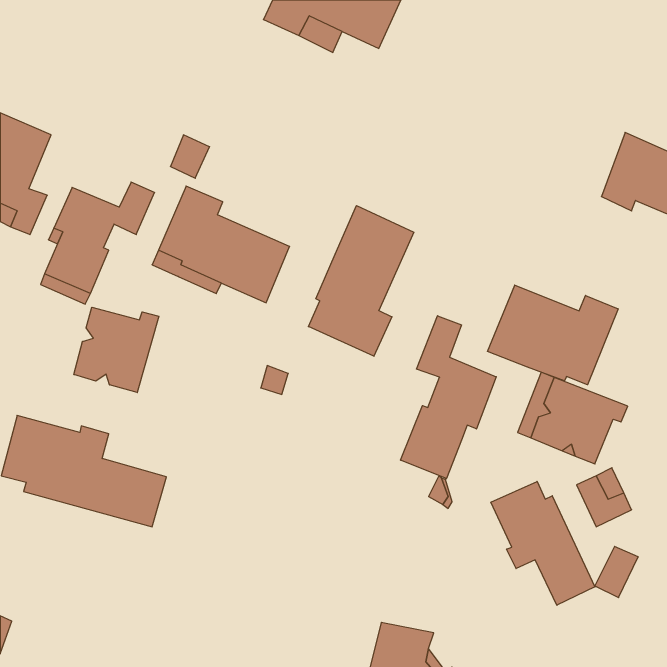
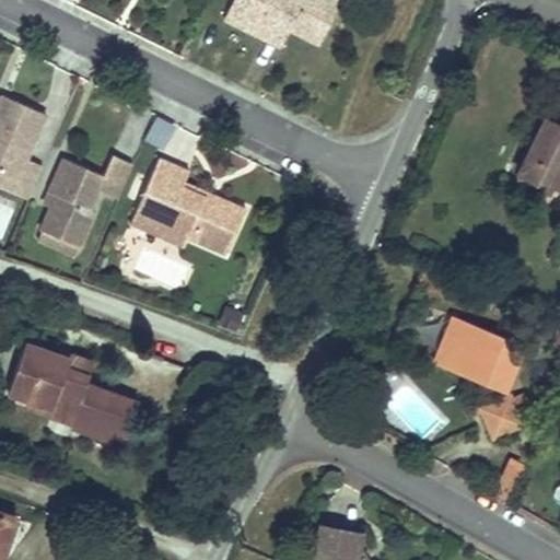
building: [308,206,414,356] -> none
building: [488,285,618,385] -> none
building: [74,307,159,393] -> none
building: [401,316,496,479] -> none
building: [491,481,595,605] -> none

